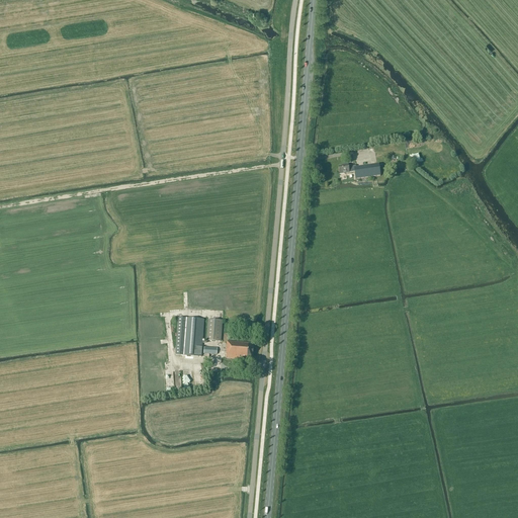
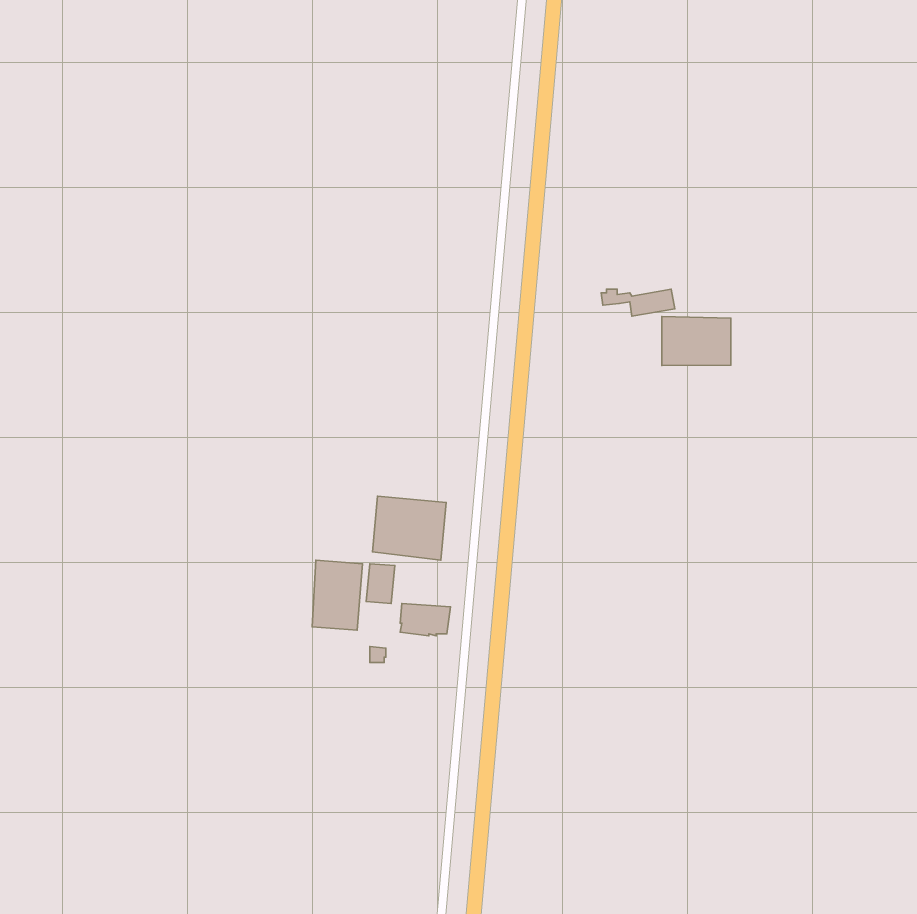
building: none -> [662,317,731,365]
building: none -> [372,496,446,560]

